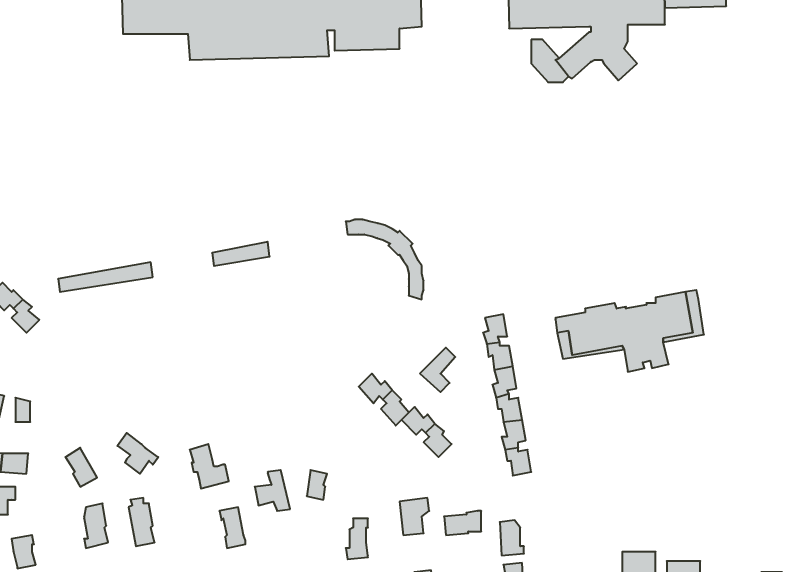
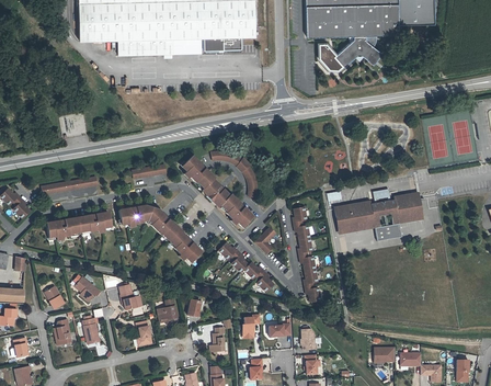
building: none -> [181,156,252,227]
building: none -> [118,205,201,262]
building: none -> [46,212,110,238]

